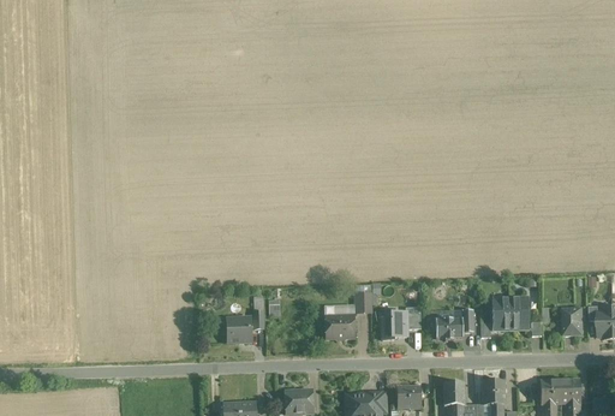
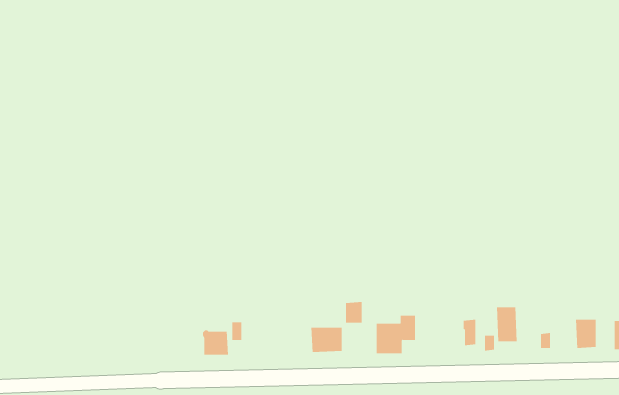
building: [509,297,529,328] -> none
building: [435,317,462,339] -> none

